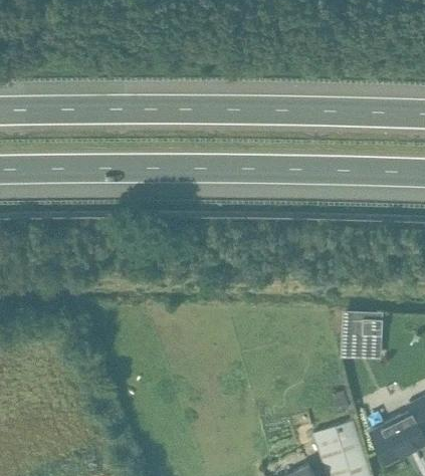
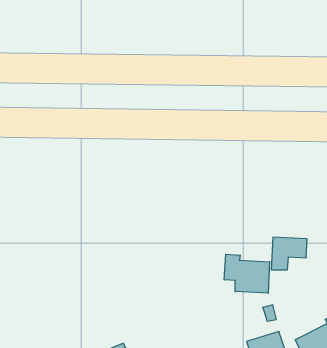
building: none -> [224,254,270,293]

